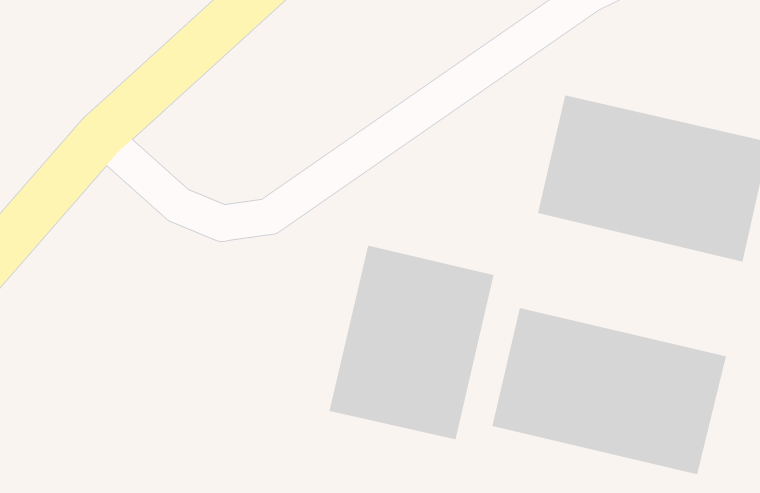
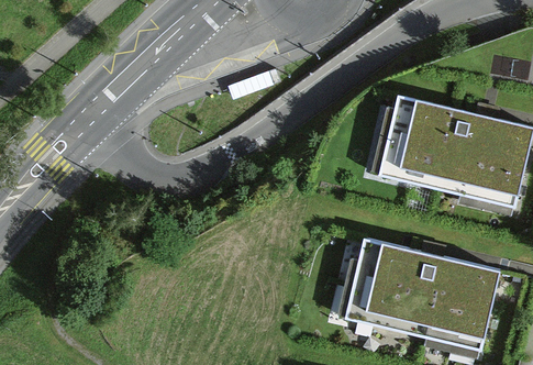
building: [329,245,494,440] -> none

